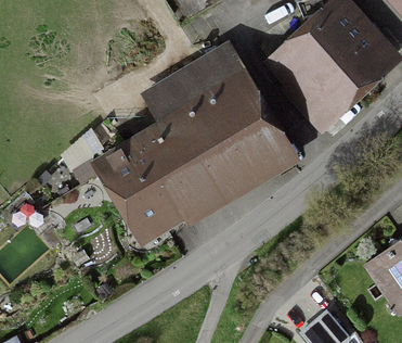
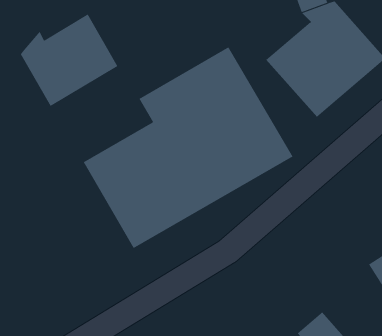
building: none -> [20,14,118,107]

